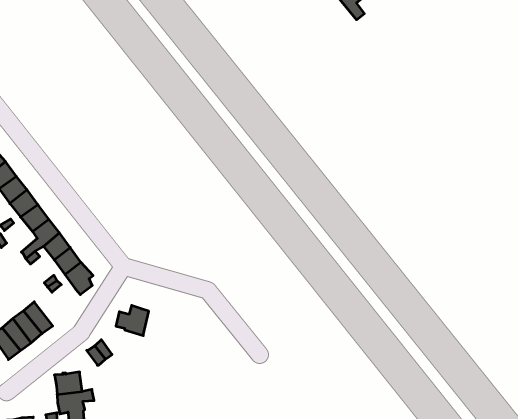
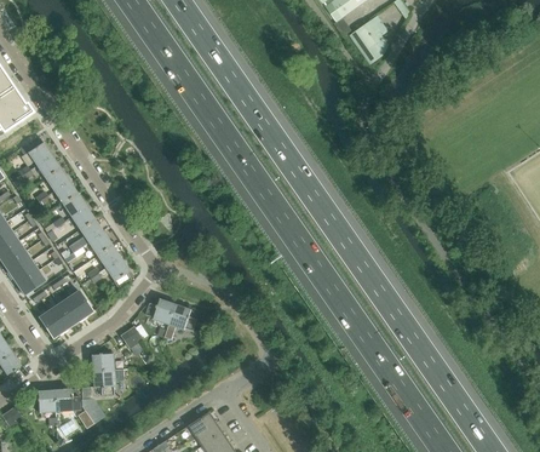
building: none -> [165,304,197,339]

